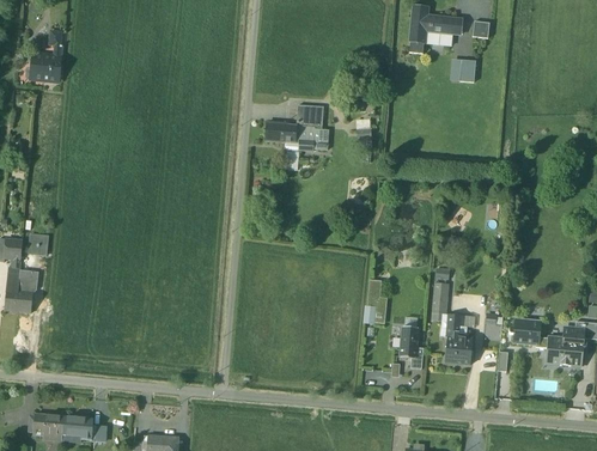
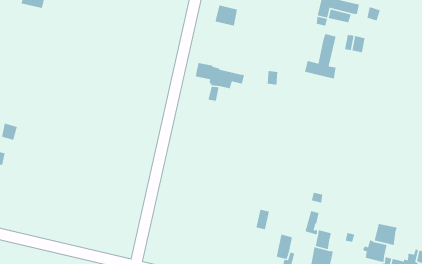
building: none -> [304,33,337,79]
building: [296,104,323,129] -> [215,5,238,26]
building: none -> [374,223,398,246]

